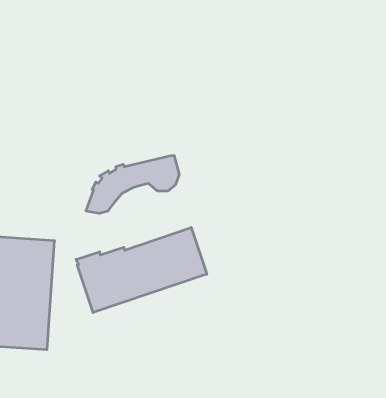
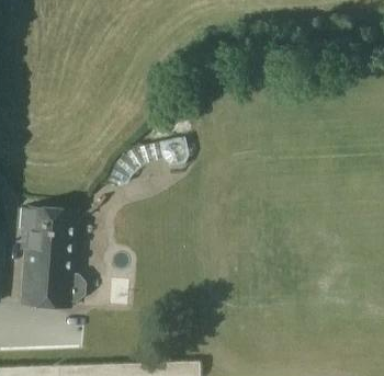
building: [76,227,207,313] -> none

